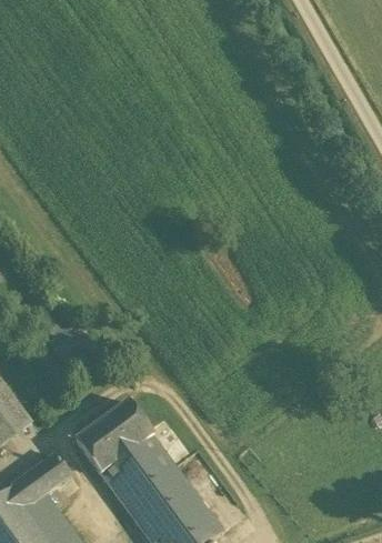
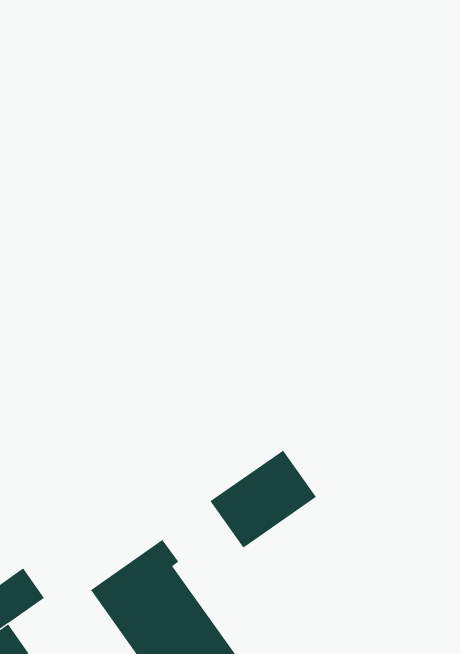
building: [78,404,157,476] -> [209,450,317,548]

